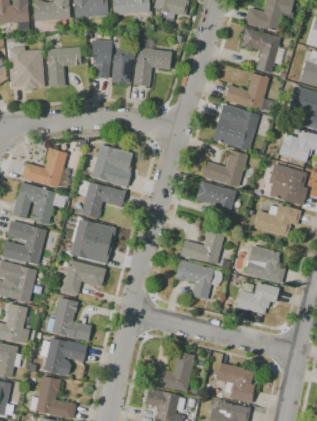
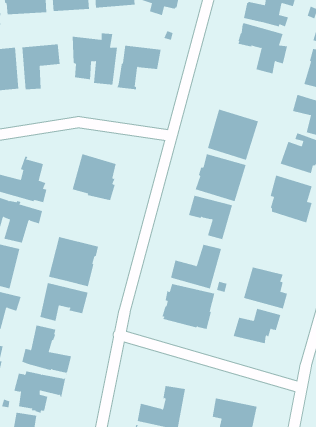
building: [224,73,274,112] -> none
building: [80,180,126,219] -> none
building: [255,204,301,236] -> none

